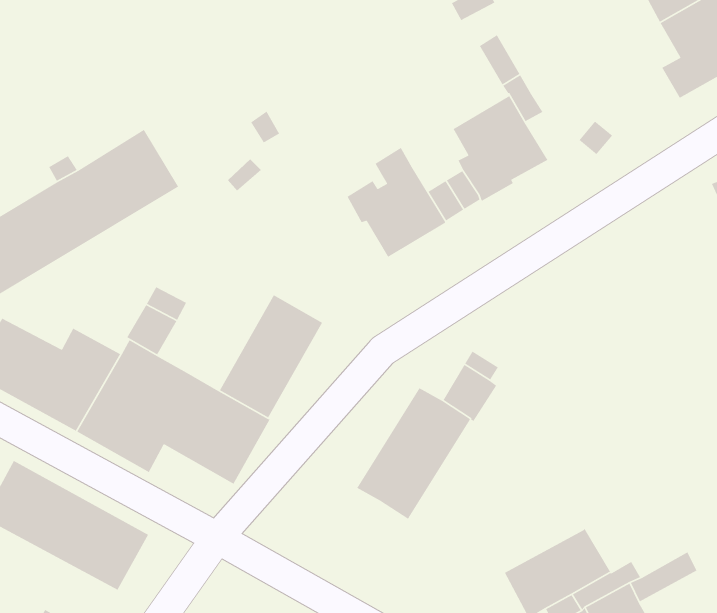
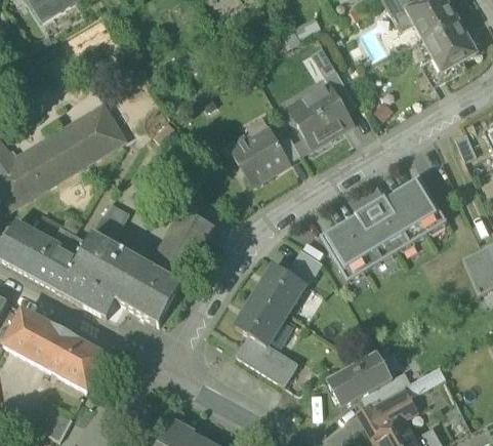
building: none -> [320,175,447,281]
building: none -> [236,334,298,386]

